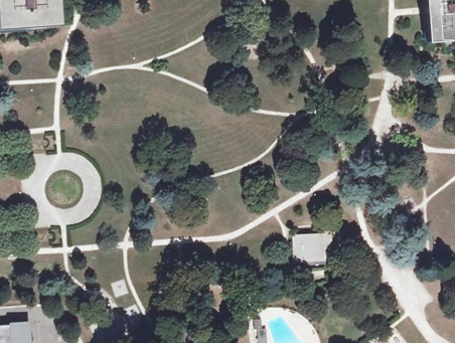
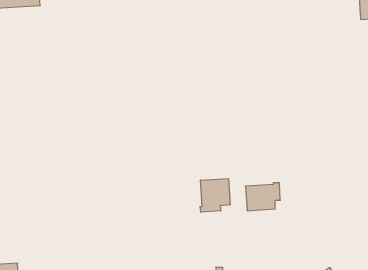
building: none -> [200,179,230,212]

